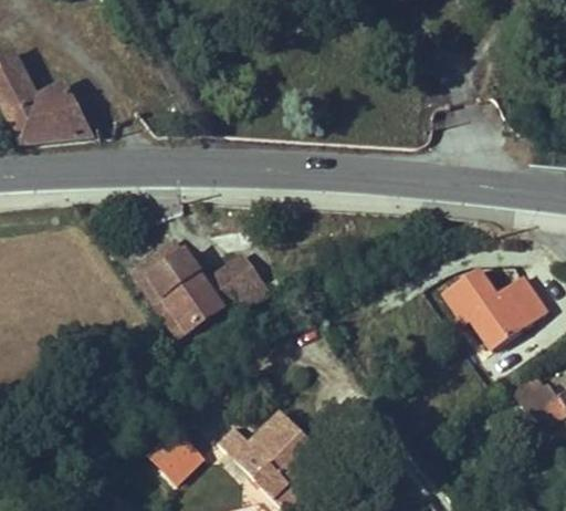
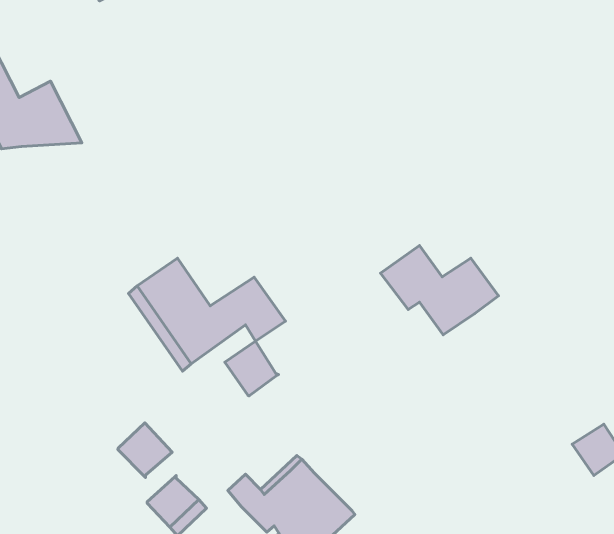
building: [442,268,546,346] -> [380,246,499,335]
building: none -> [225,341,278,396]
building: none -> [118,423,172,477]

